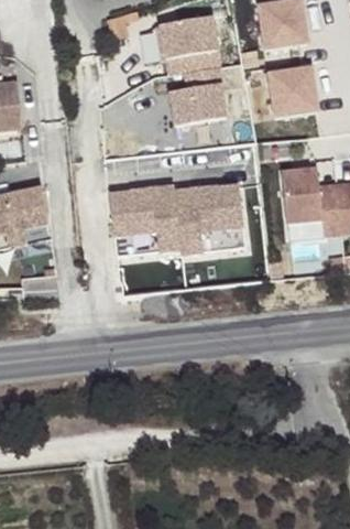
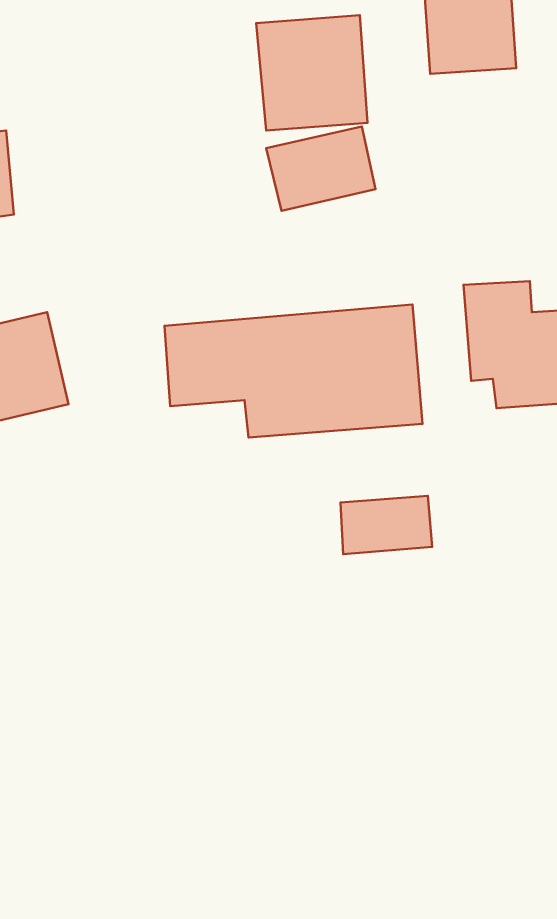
building: [259,62,317,118] -> none
building: none -> [340,496,432,554]

